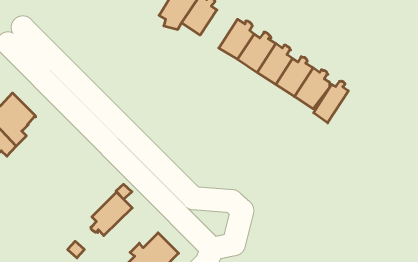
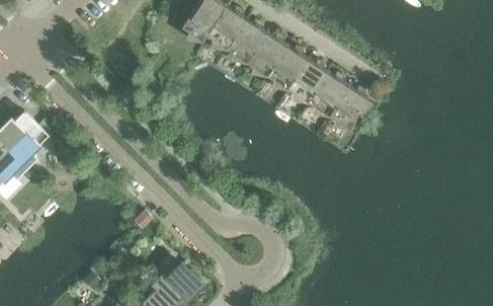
building: none -> [226,19,266,63]
building: [314,81,348,123] -> none
building: [91,192,132,236] -> none

